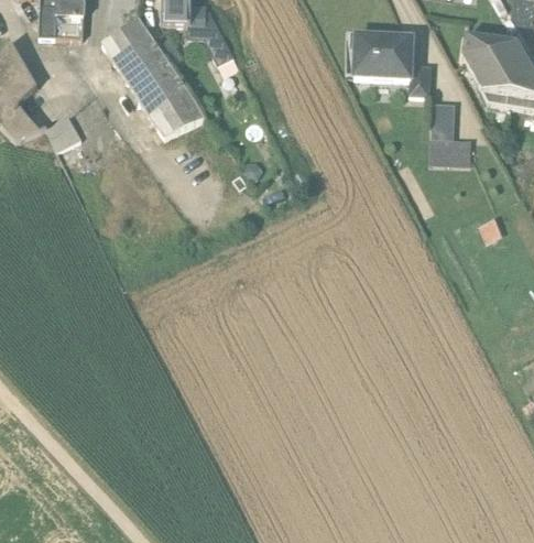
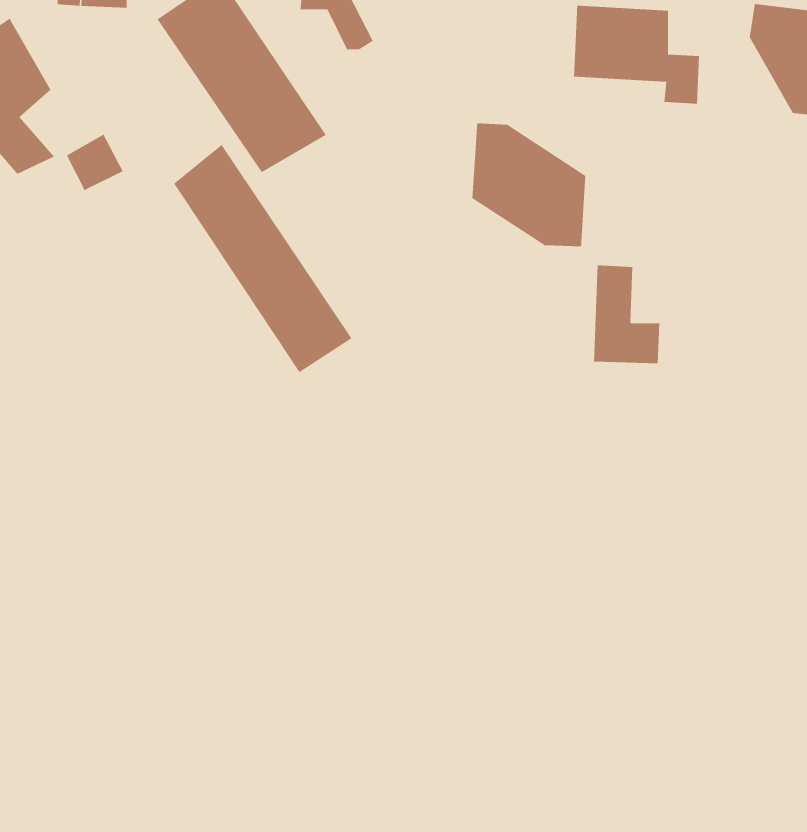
building: [429,101,470,162] -> [593,265,660,364]
building: none -> [471,122,586,247]
building: none -> [173,144,353,373]

